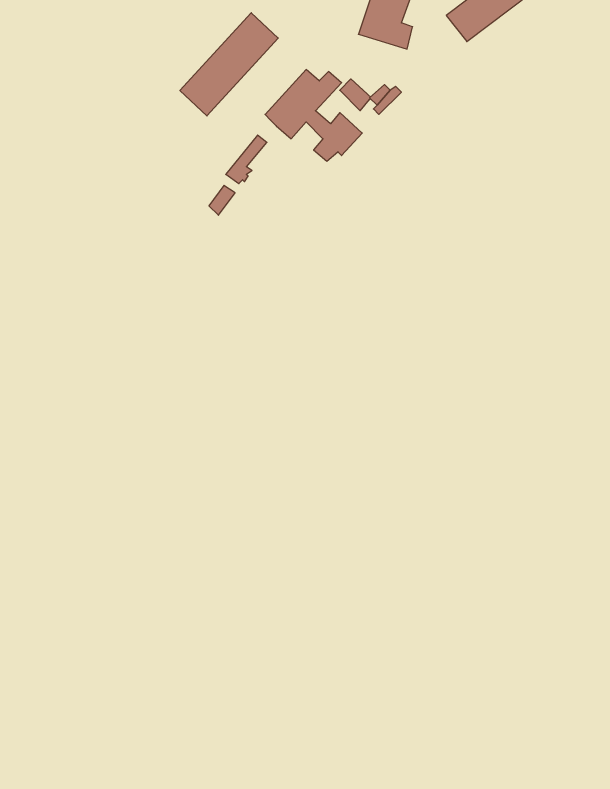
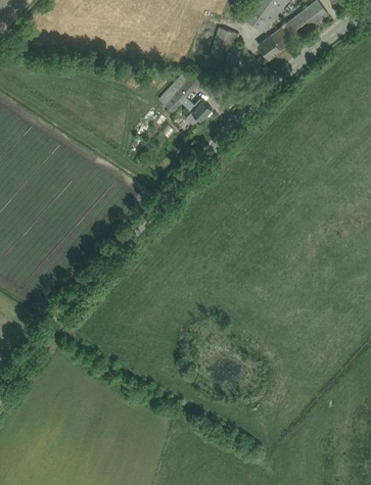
building: [180,13,278,116] -> none

